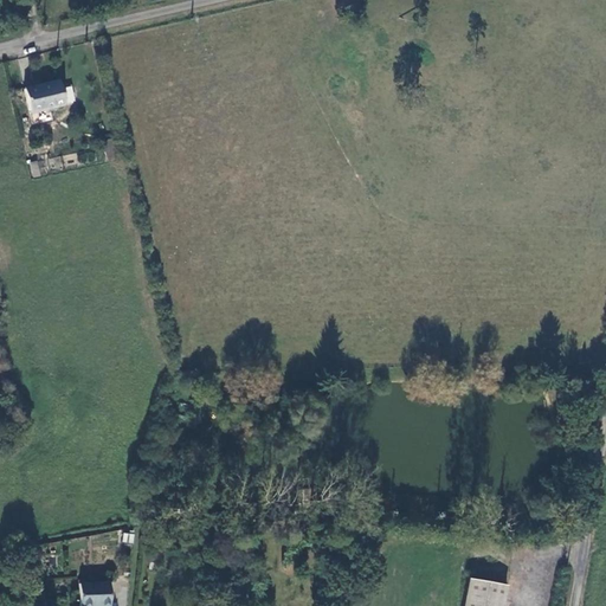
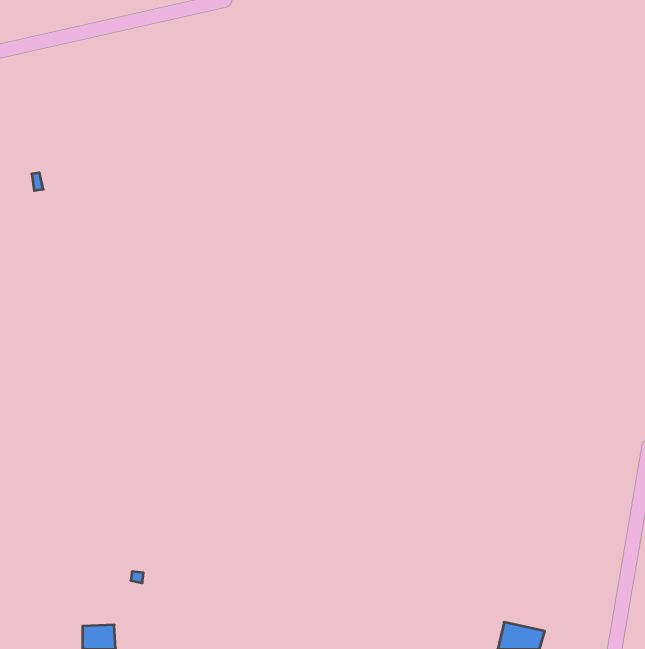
building: [27,79,67,110] -> none

